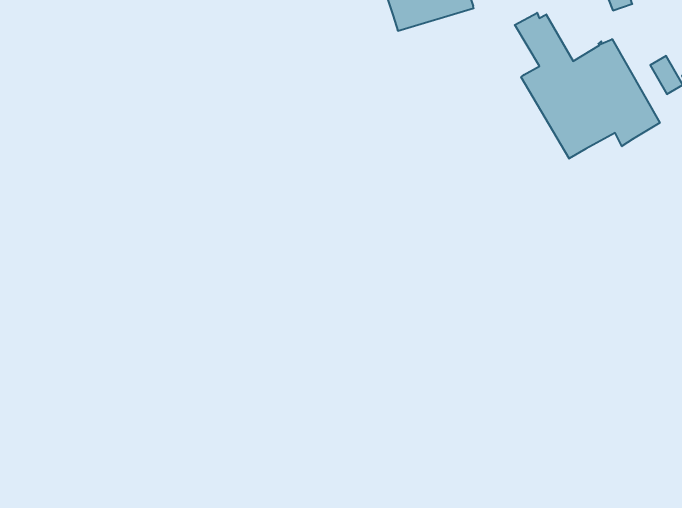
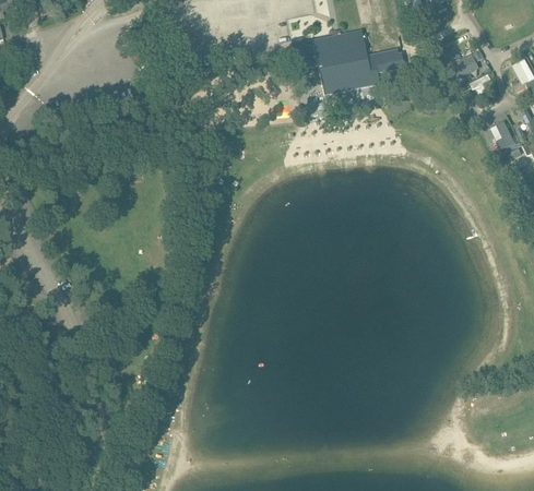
building: [515,13,660,159] -> none

